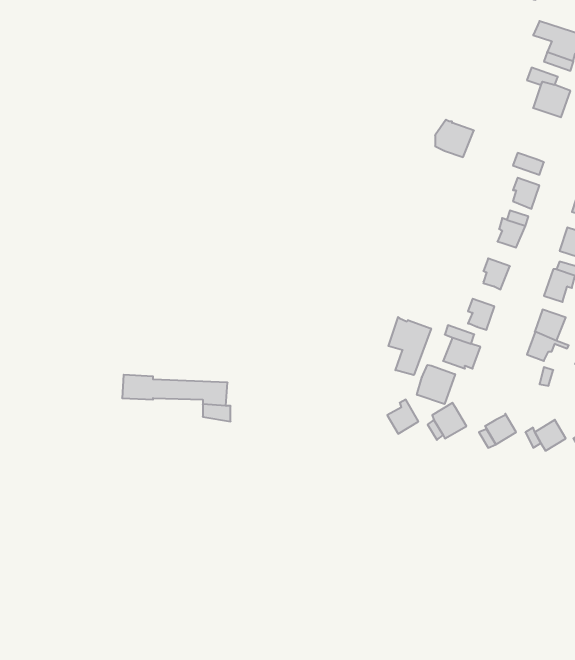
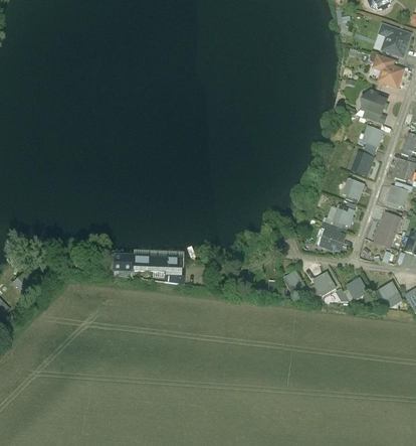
building: [435,120,474,157] -> [362,90,387,114]
building: [388,317,431,375] -> none
building: [417,365,455,404] -> none

